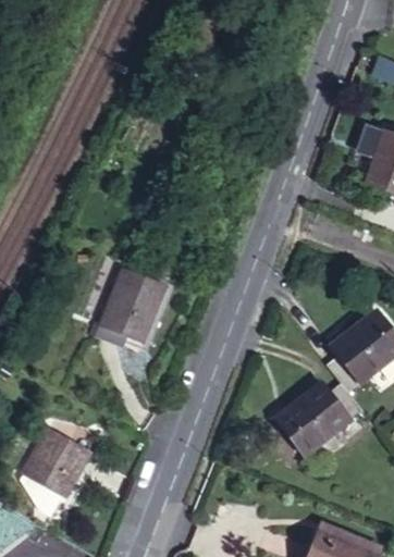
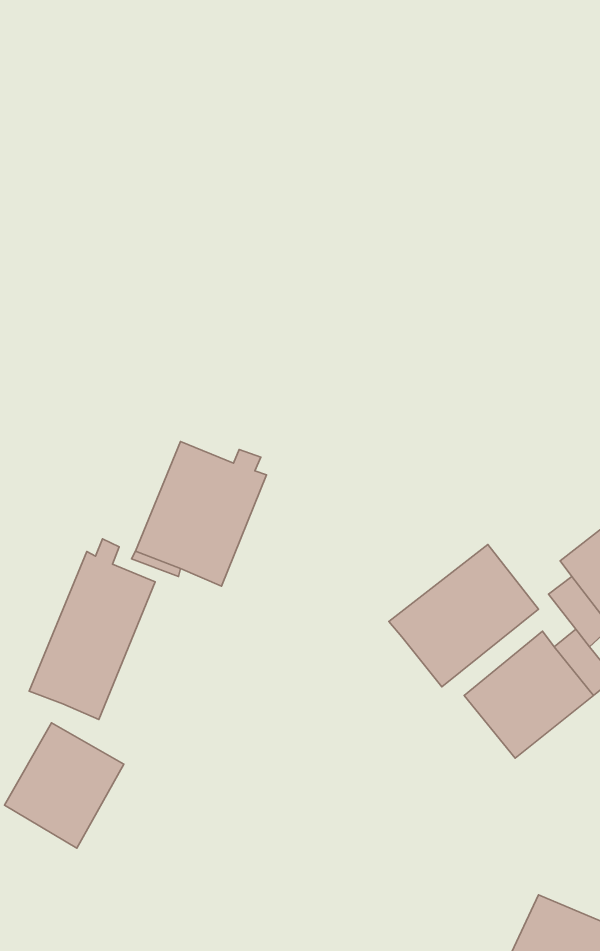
building: none -> [29,539,155,720]
building: none -> [389,545,539,687]

